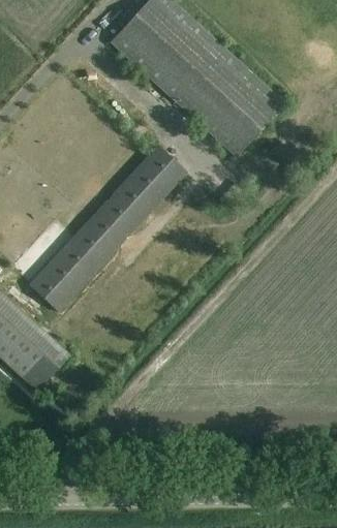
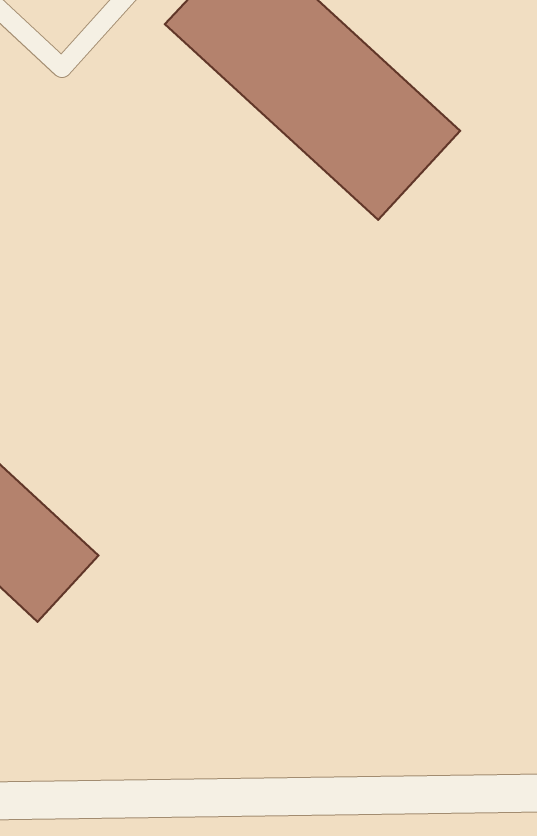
building: [29,145,188,313] -> none

